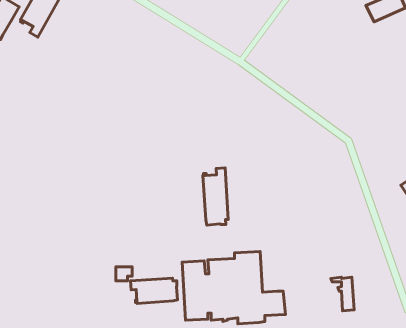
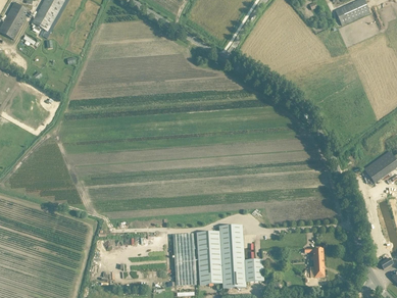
building: [203,168,228,225] -> none
building: [131,278,178,303] -> none

